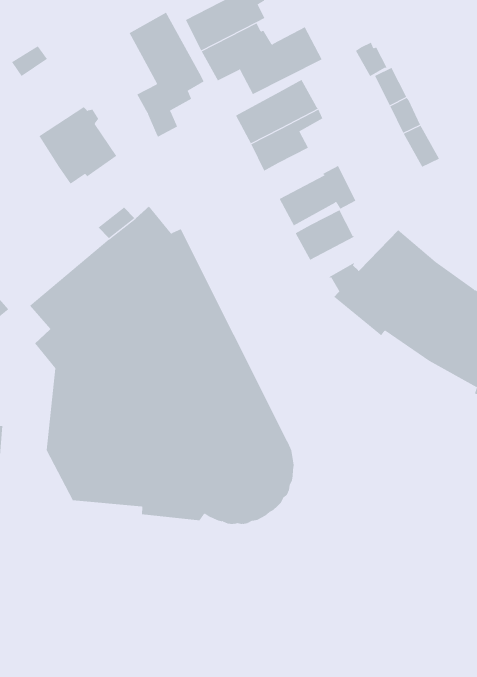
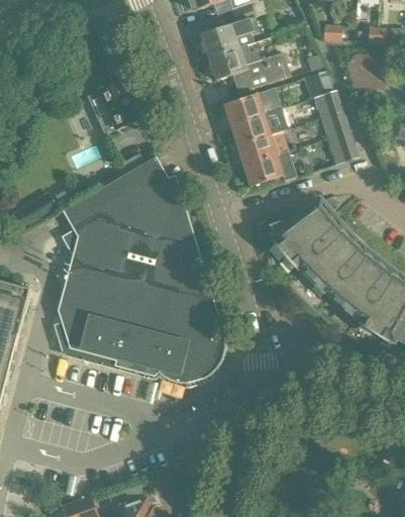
building: none -> [346,55,388,98]
building: [129,12,205,137] -> none
building: [295,209,355,261] -> [237,135,278,167]

